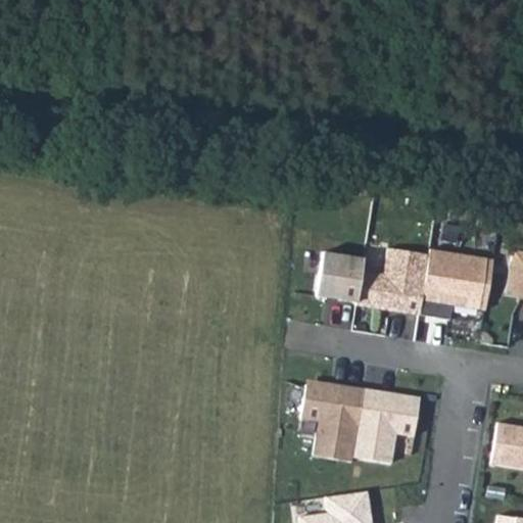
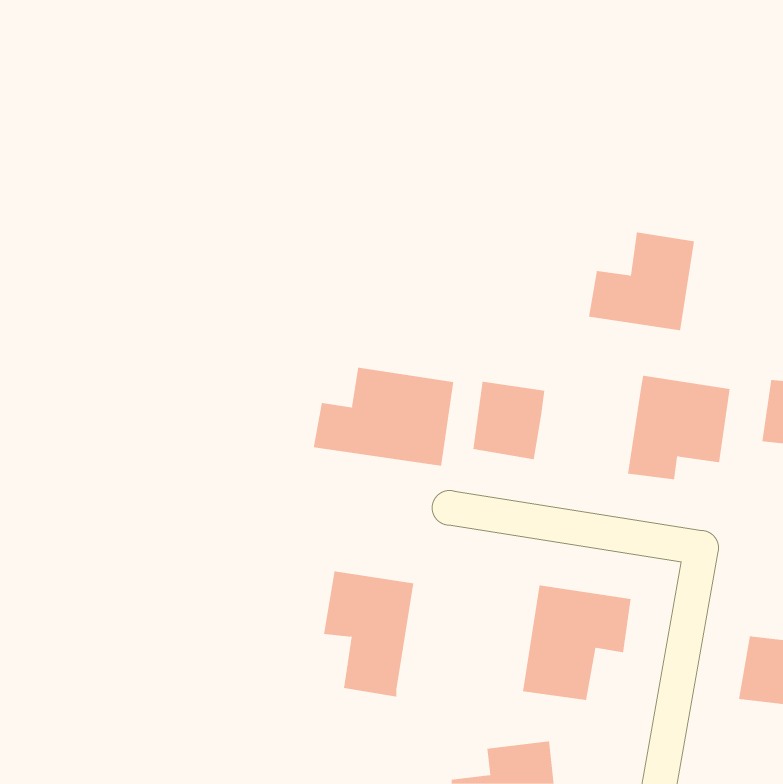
building: none -> [313,367,454,467]
building: [358,248,428,314] -> [588,232,695,331]
building: [300,379,361,463] -> [323,571,414,697]

